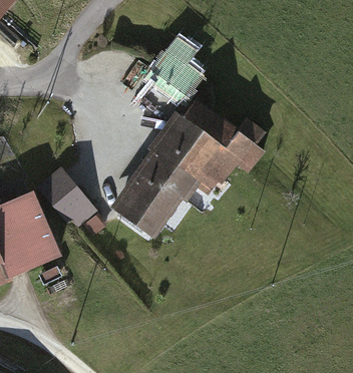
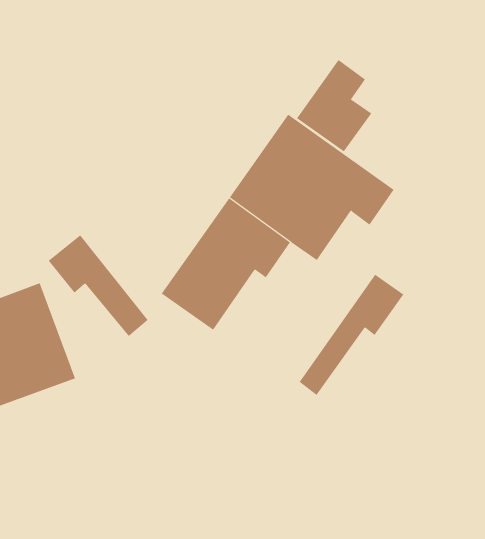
building: [148,44,198,104] -> [296,59,372,152]
building: none -> [299,274,404,396]

